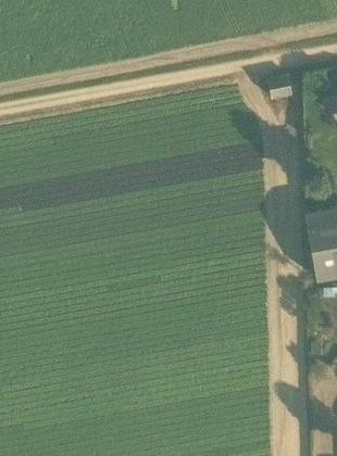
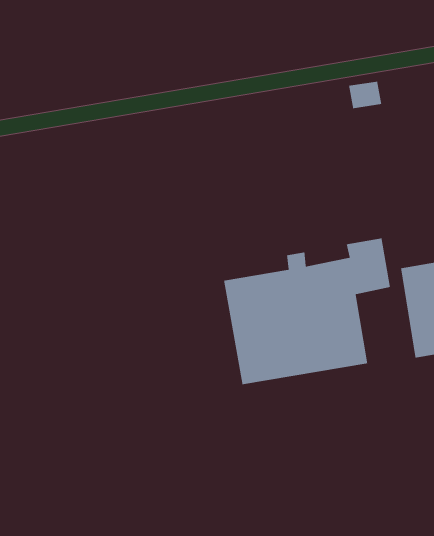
building: none -> [223,238,391,385]

